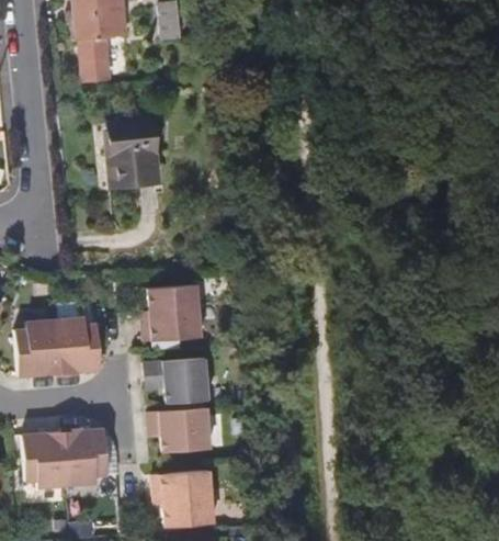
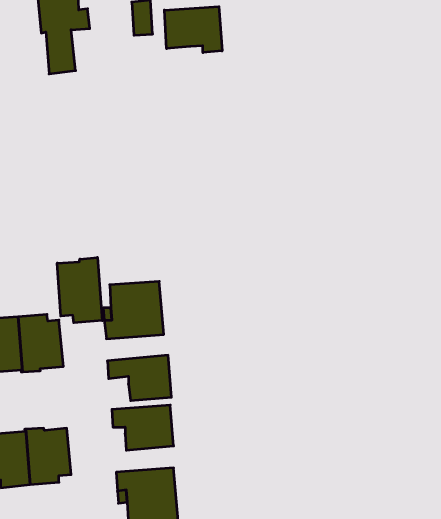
building: none -> [164,7,222,53]
building: [107,120,159,187] -> none
building: none -> [57,257,102,323]

